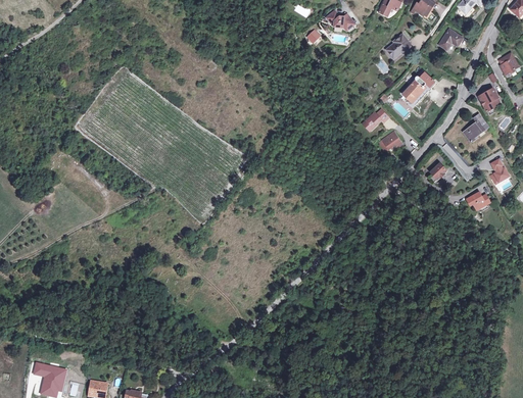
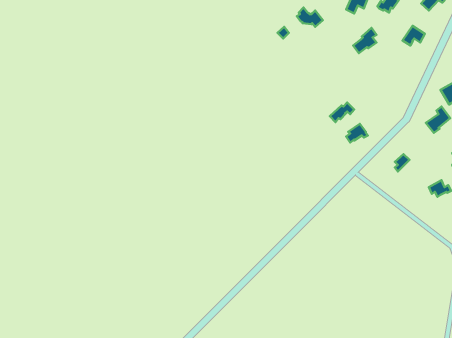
building: [402,71,435,102] -> none

